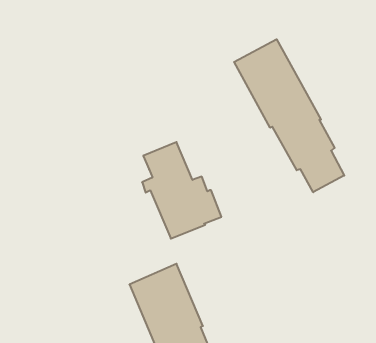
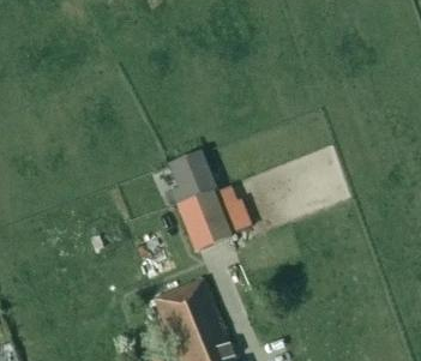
building: [234,39,344,192] -> none

